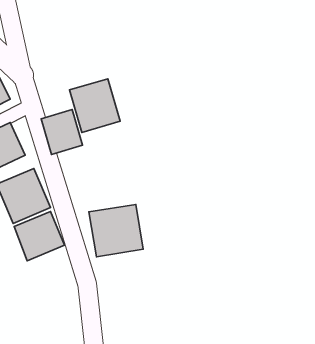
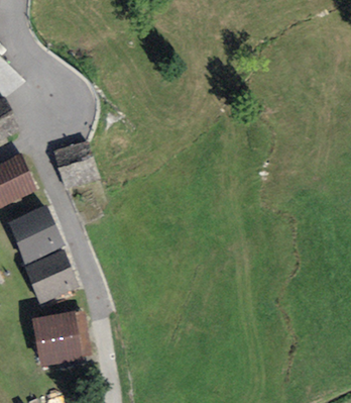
building: [70,79,120,132] -> none
building: [89,204,143,257] -> [32,309,91,366]

